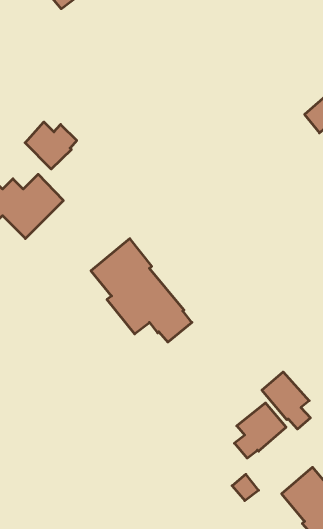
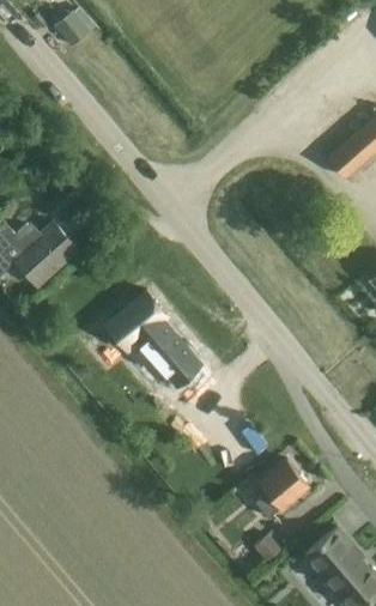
building: [25,122,77,169] -> none
building: [262,372,310,429] -> none

